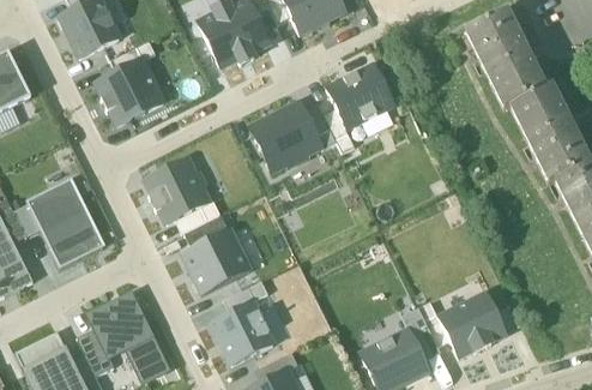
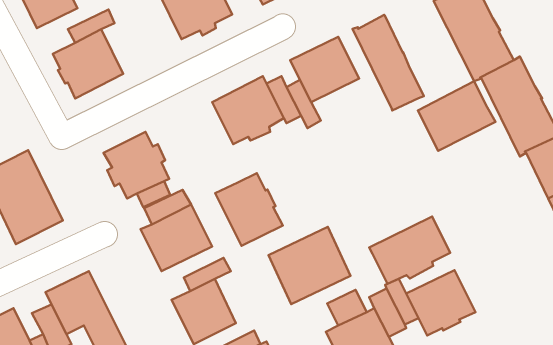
building: none -> [352,15,424,110]
building: none -> [418,81,495,151]
building: none -> [215,173,283,246]
building: none -> [369,217,450,284]
building: none -> [269,227,351,304]

